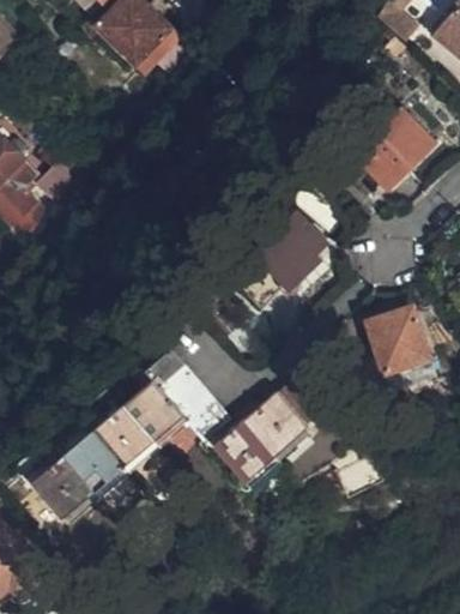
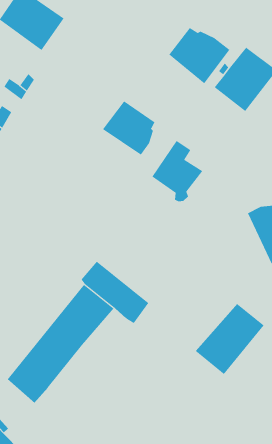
building: none -> [168,27,230,84]
building: none -> [102,100,155,156]
building: [212,392,304,480] -> [195,303,264,375]

